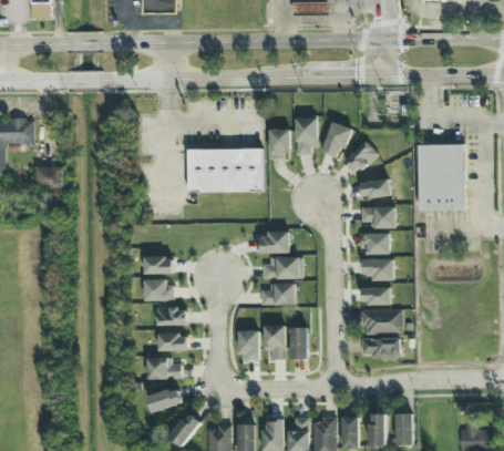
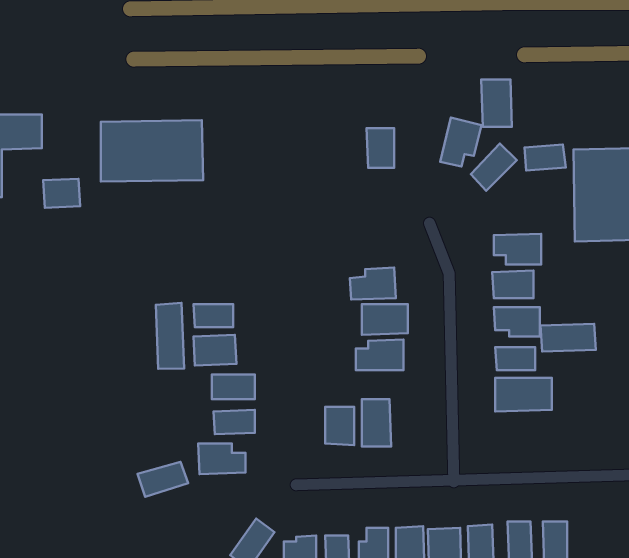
building: [295,117,317,152] -> [481,79,512,127]
building: [188,148,263,193] -> [101,120,203,182]
building: [360,180,390,198] -> [525,144,566,171]
building: none -> [156,303,184,369]
building: [290,328,308,360] -> none
building: [361,338,401,358] -> [541,324,596,351]
building: [147,388,184,413] -> [138,462,188,497]

